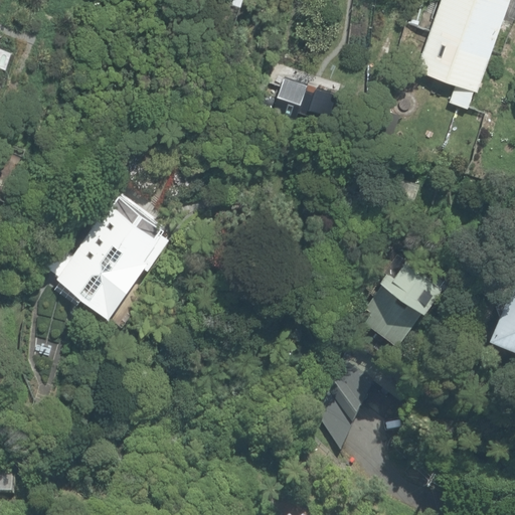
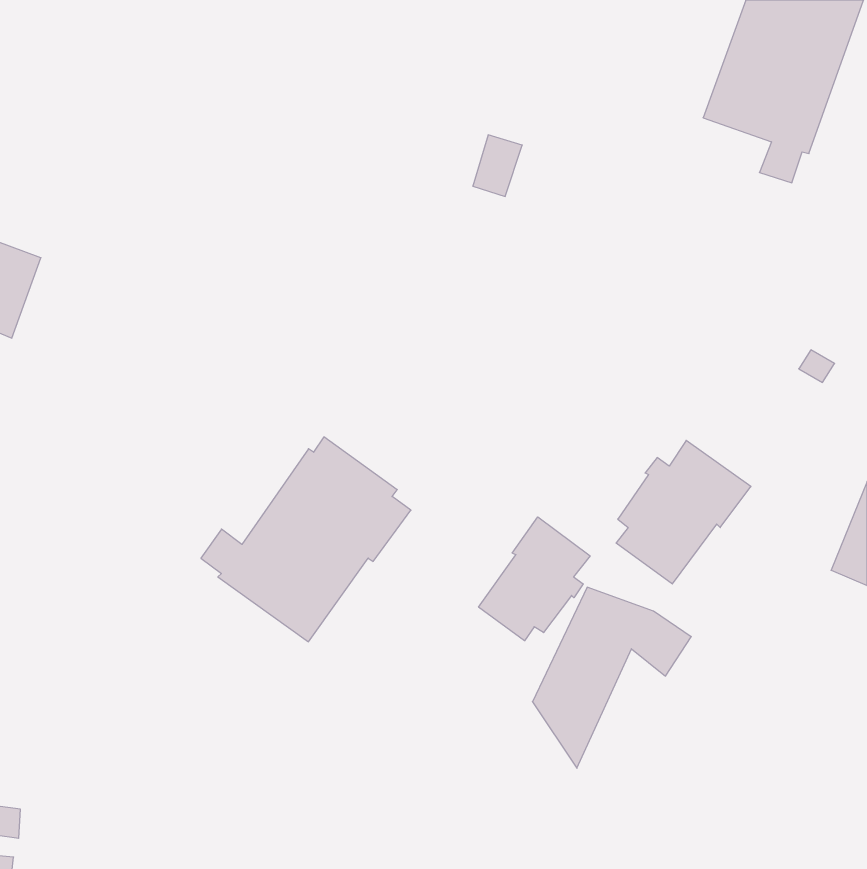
building: [45,195,169,316] -> [201,437,411,642]
building: none -> [479,517,590,641]

